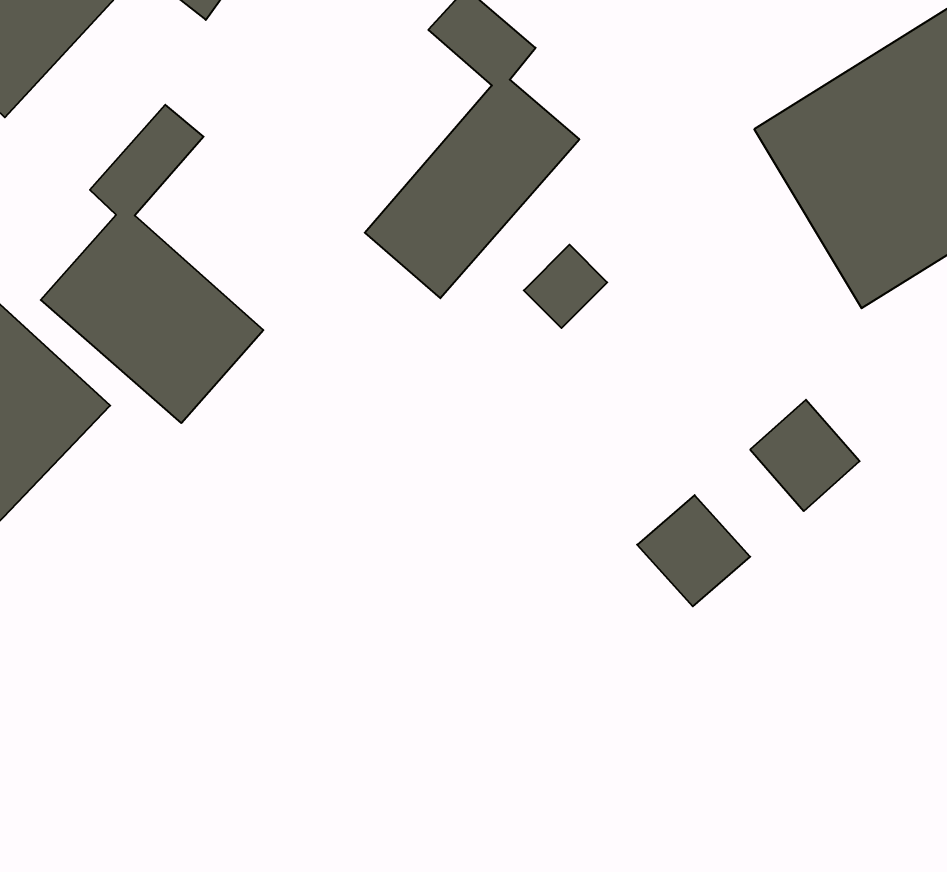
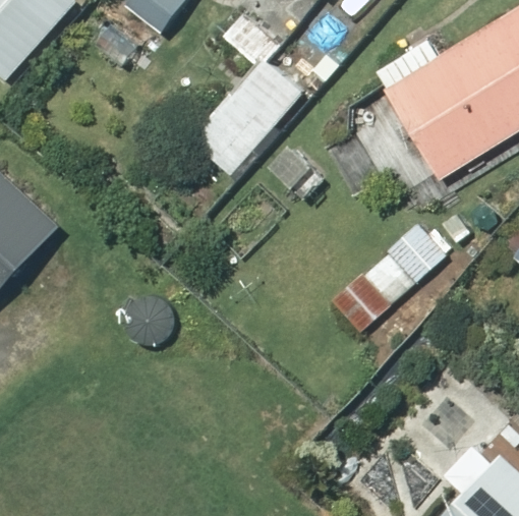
building: [41,105,263,423] -> none

